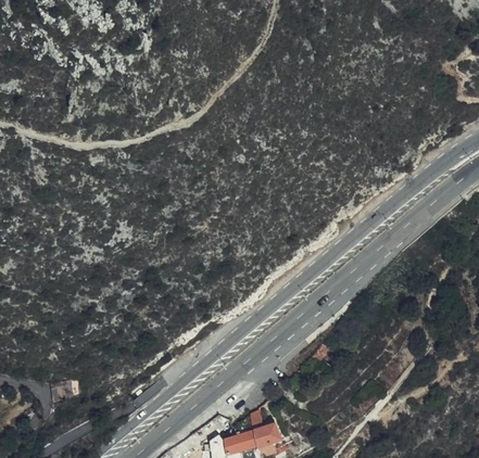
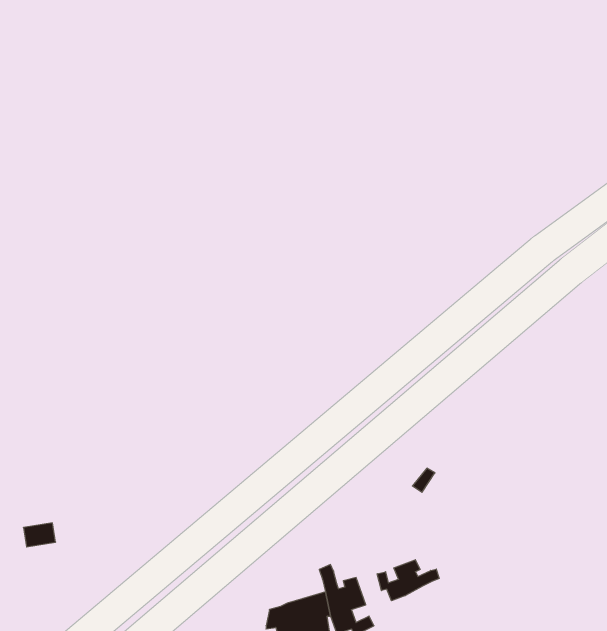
building: none -> [377,560,439,601]

